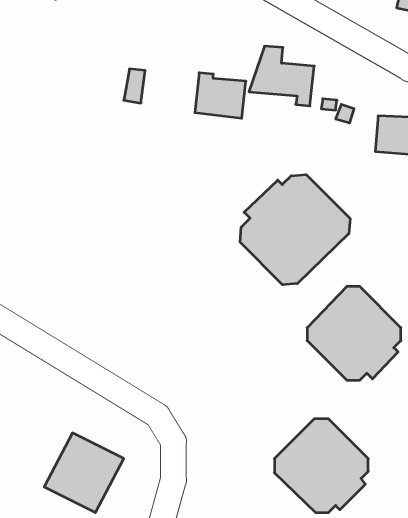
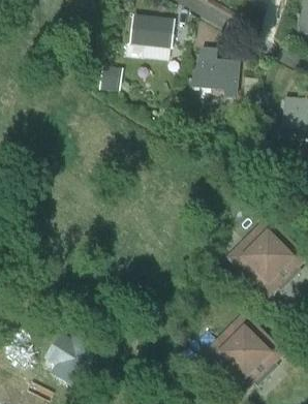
building: [195,73,246,118] -> [134,21,172,54]
building: [240,175,350,285] -> none

